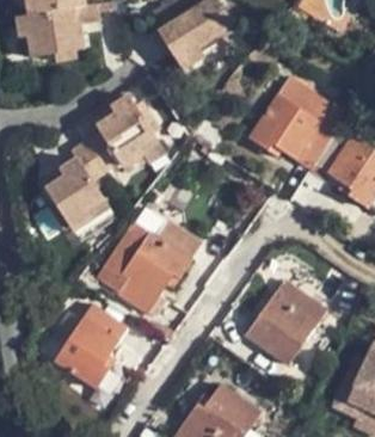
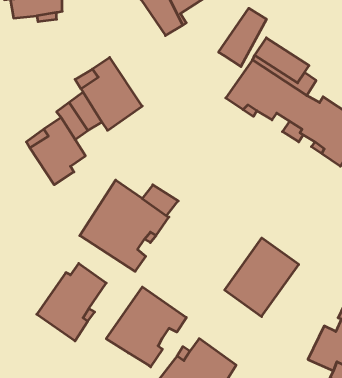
building: none -> [219,8,266,67]
building: none -> [106,287,186,367]

